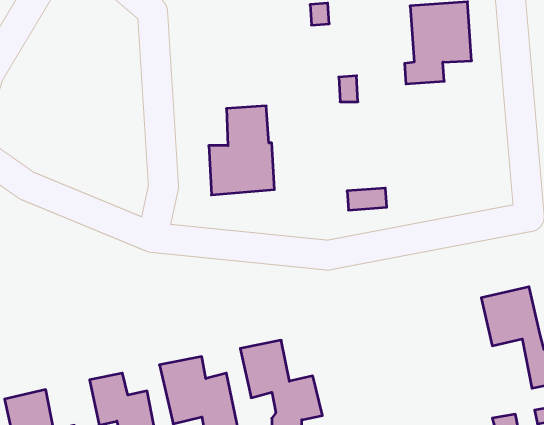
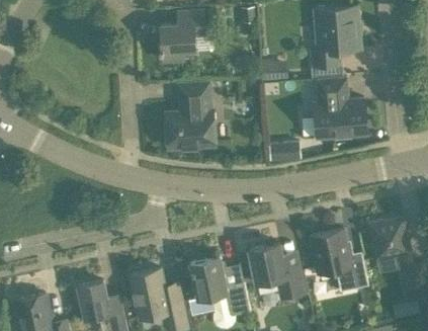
building: none -> [160,10,204,62]
building: none -> [314,78,367,138]
building: none -> [310,230,368,292]
building: none -> [249,243,307,300]

